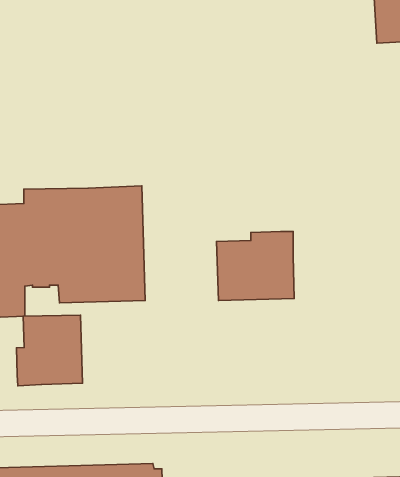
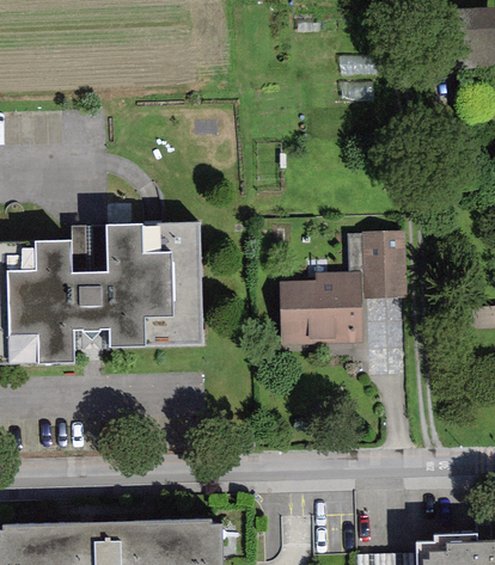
building: none -> [347,231,405,297]
building: [17,315,83,386] -> none

